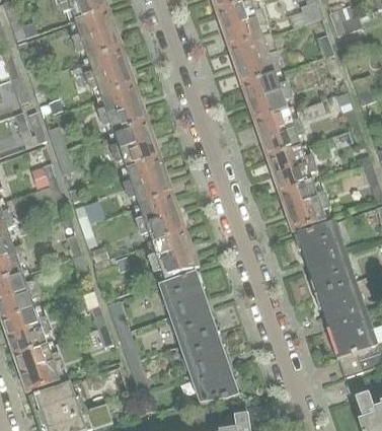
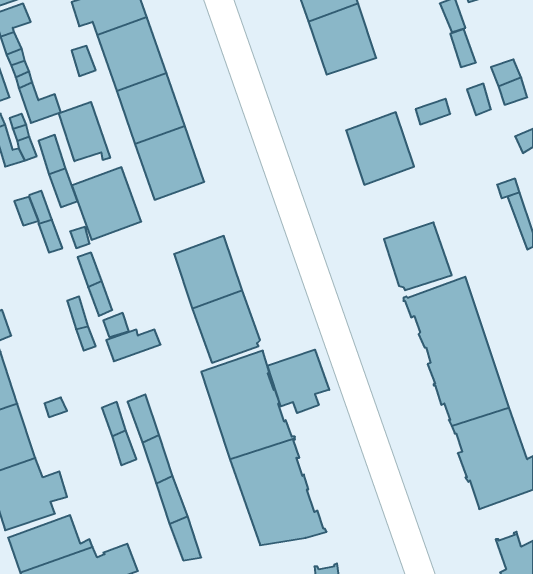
building: [241,73,288,122] -> none
building: none -> [59,102,110,161]
building: [266,146,313,195] -> none
building: [126,156,172,205] -> [72,167,141,240]
building: none -> [267,350,329,413]

